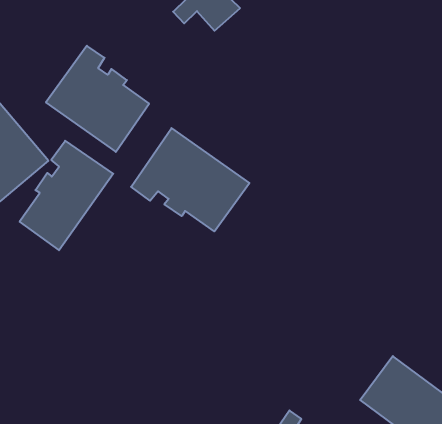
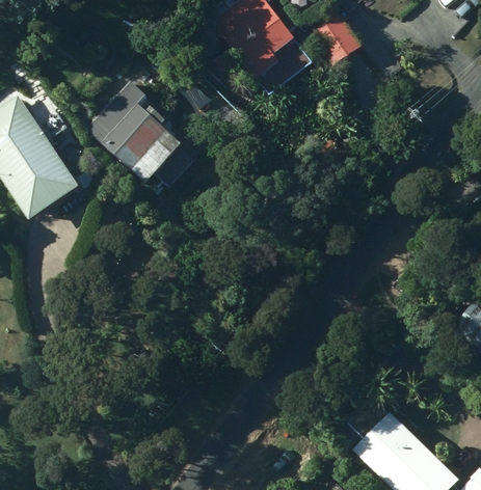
building: [131,128,249,231] -> none
building: [20,141,113,250] -> none

